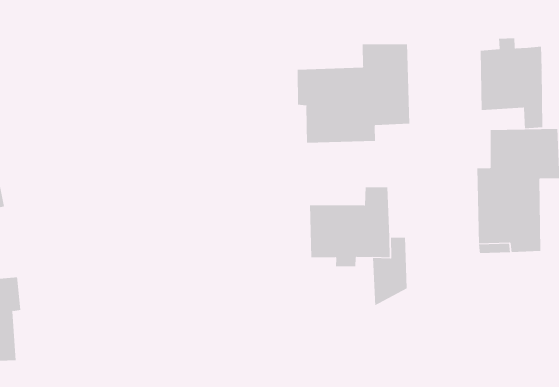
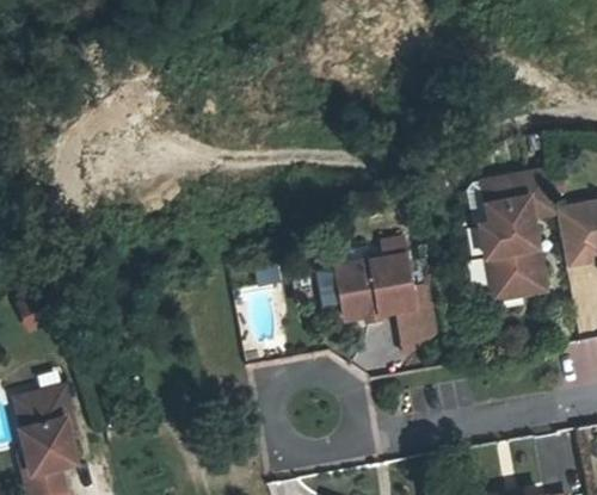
building: [480,37,543,129] -> none
building: [297,43,410,143] -> none

